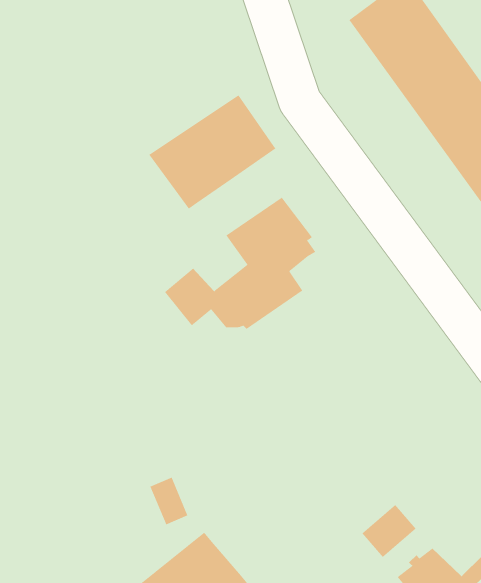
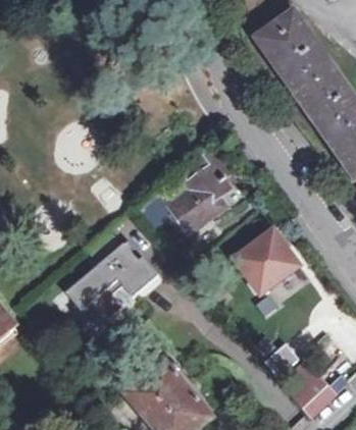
building: [149,94,276,210] -> none
building: none -> [67,226,160,324]
building: none -> [236,230,300,293]

